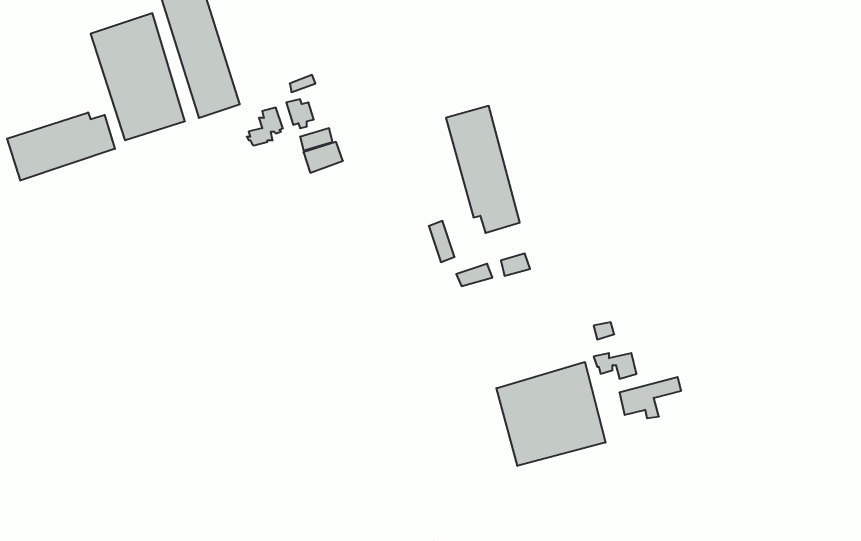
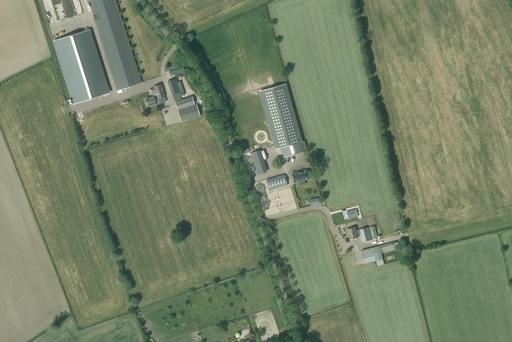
building: [7,112,115,181] -> none
building: [496,362,606,466] -> none

